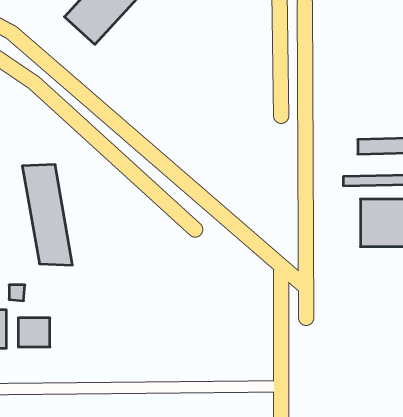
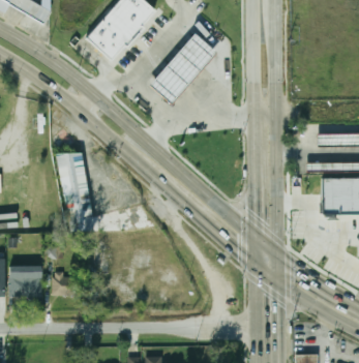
building: none -> [153,33,218,101]

